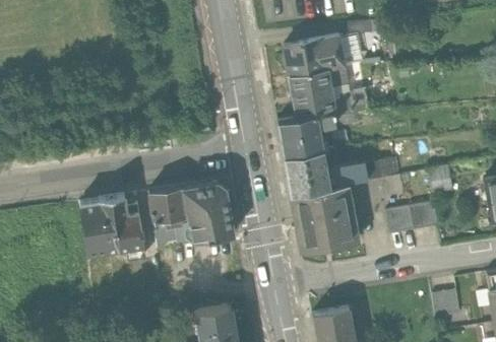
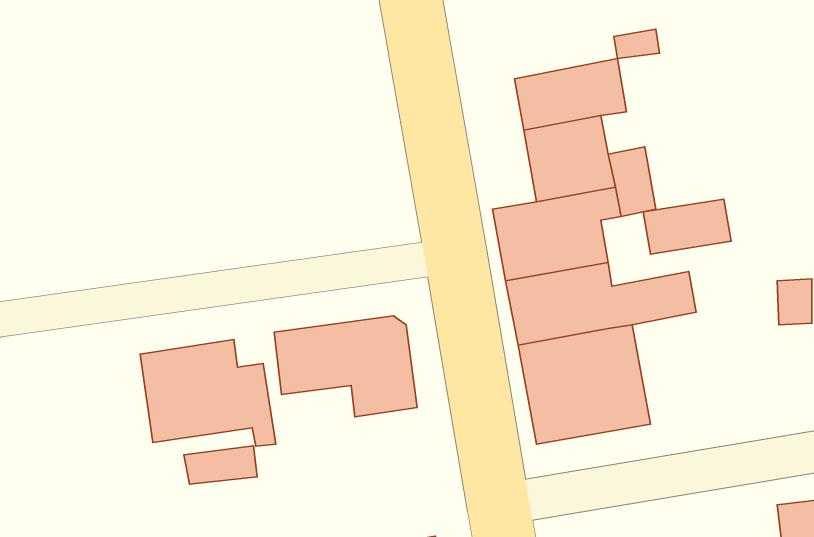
building: [383,203,432,233] -> [643,199,731,254]
building: [157,222,197,244] -> [184,446,257,484]

